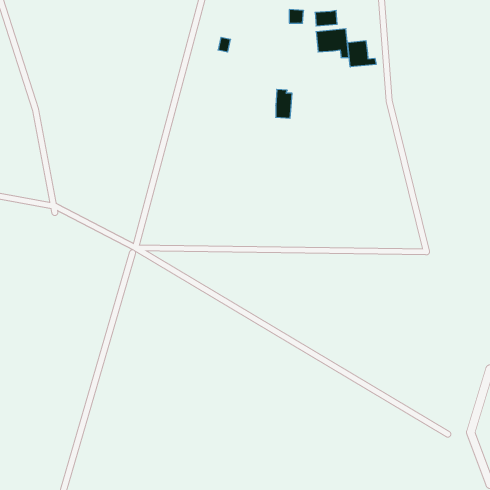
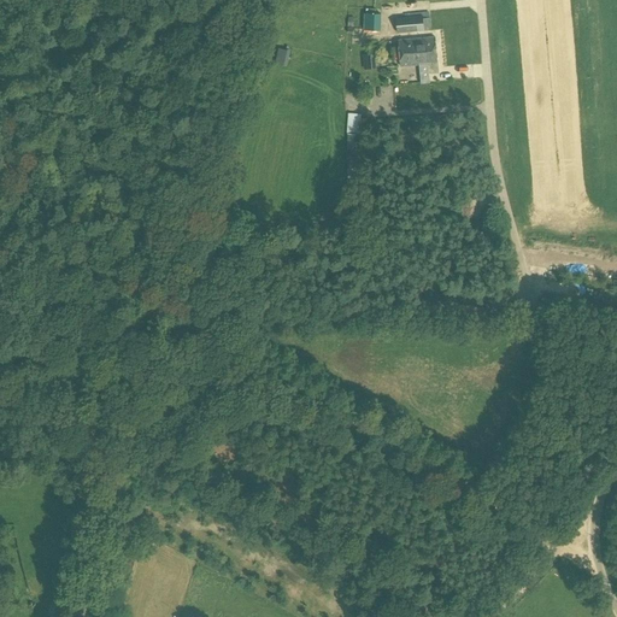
building: [348,41,376,67] -> none

